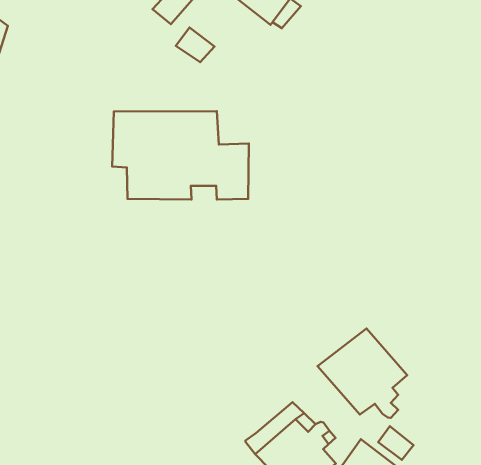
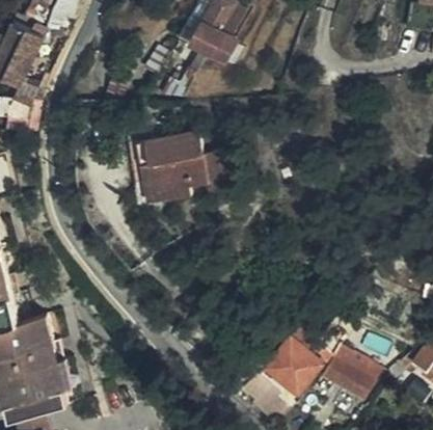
building: [317,329,407,418] -> none

